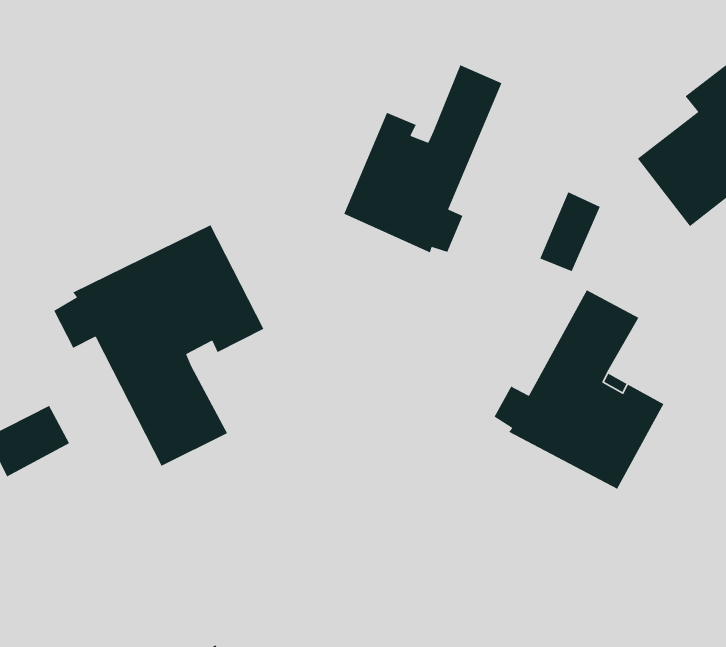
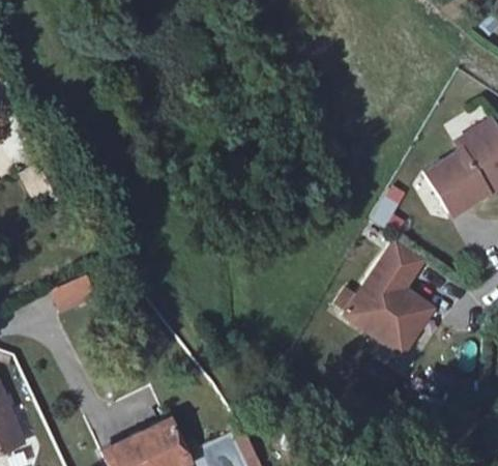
building: [343,64,502,253] -> none
building: [53,224,264,467] -> none

